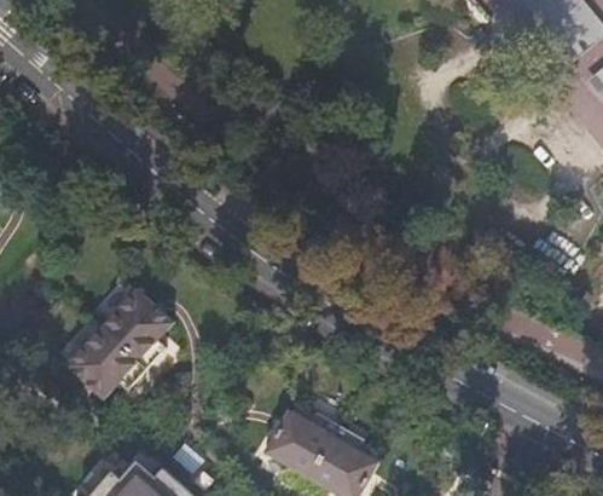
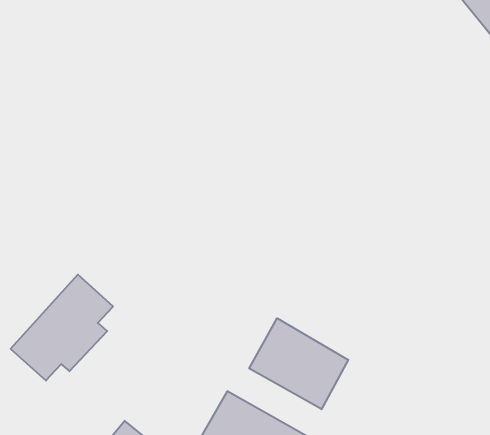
building: none -> [249,318,348,409]

